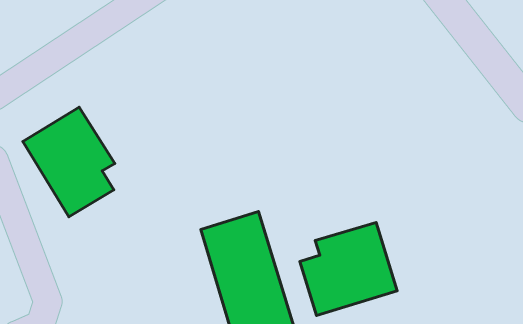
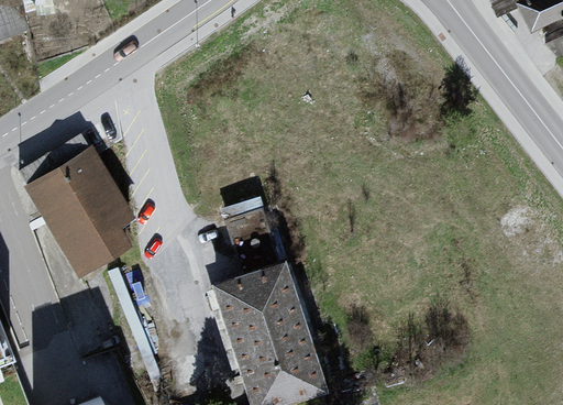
building: [300,223,397,315] -> none

